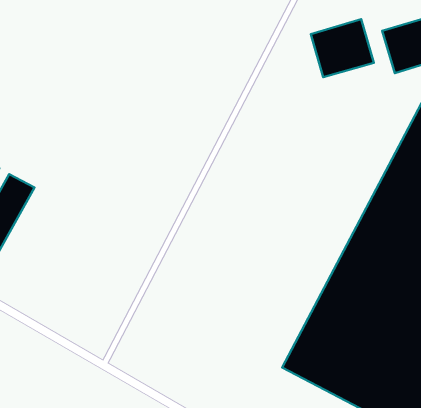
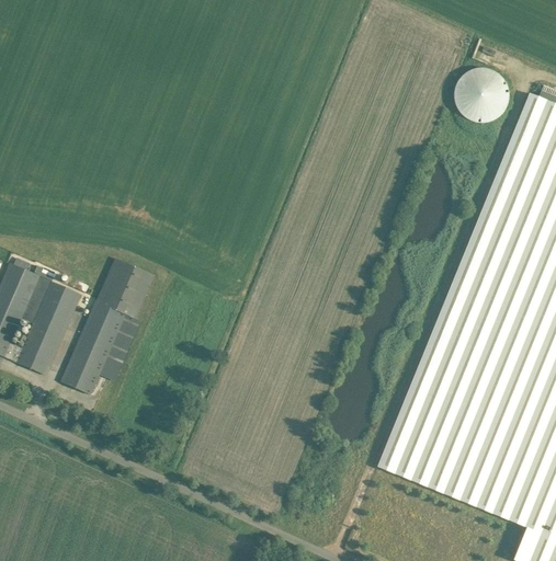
building: [311,19,374,77] -> none
building: none -> [60,256,155,396]

